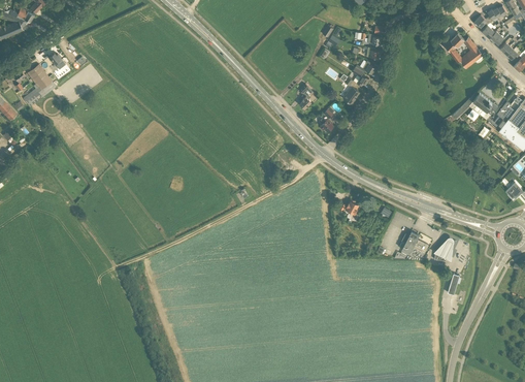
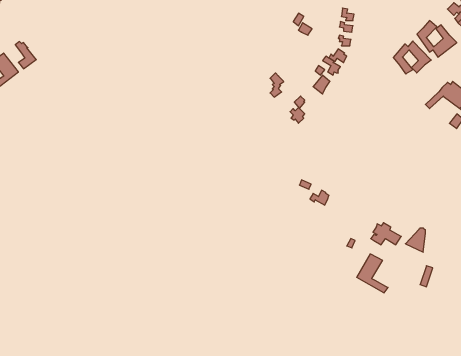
building: none -> [393,41,431,74]
building: none -> [357,254,388,293]

